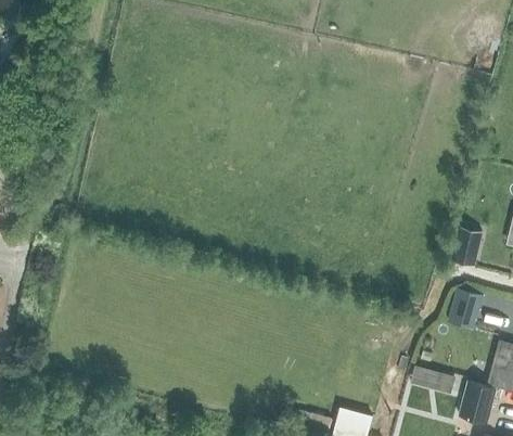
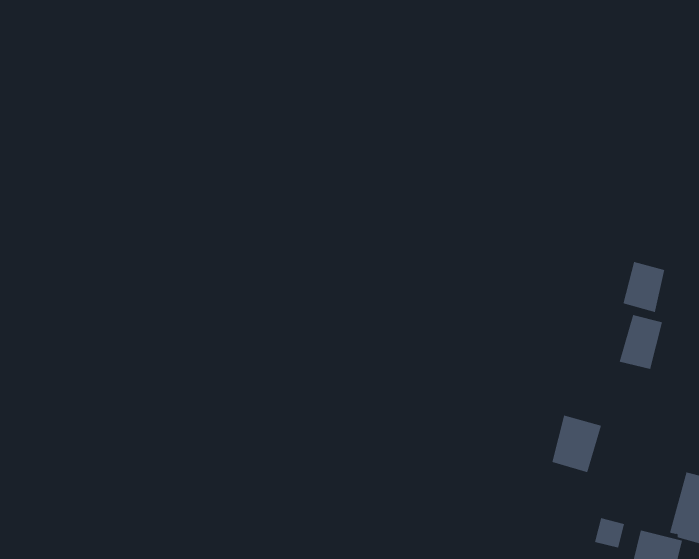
building: none -> [623,261,665,313]
building: [448,287,484,329] -> [551,415,602,473]

